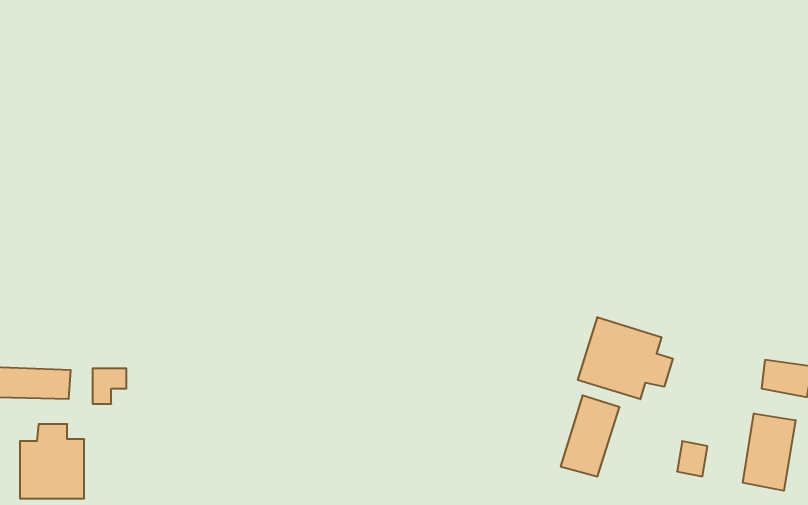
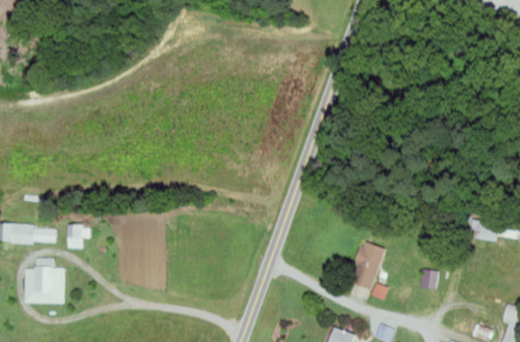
building: [578,317,673,399] -> none
building: [743,413,796,491] -> none

